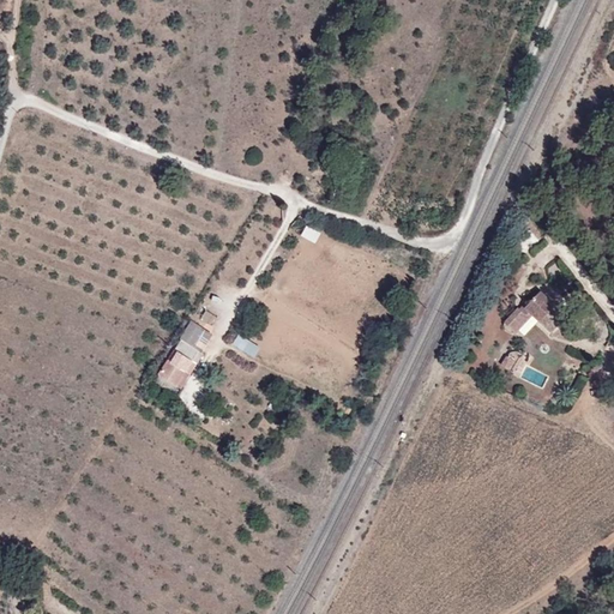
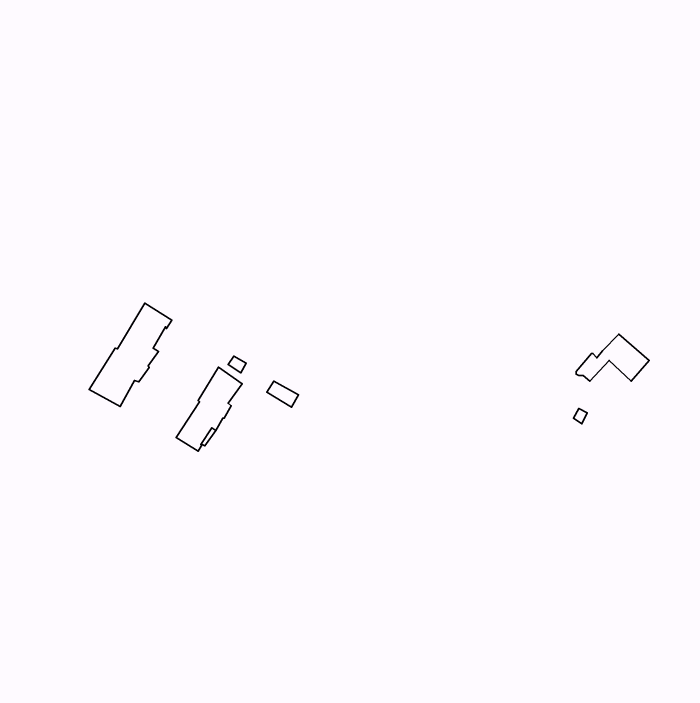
building: none -> [89,303,172,406]

